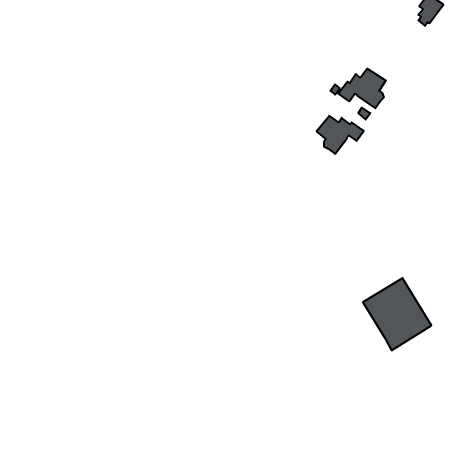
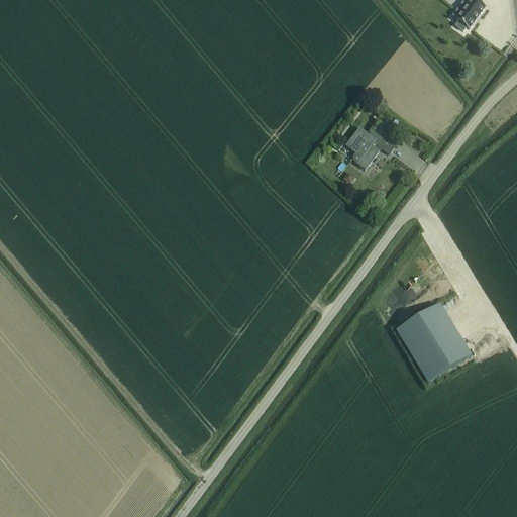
building: [338,69,386,108] -> none

